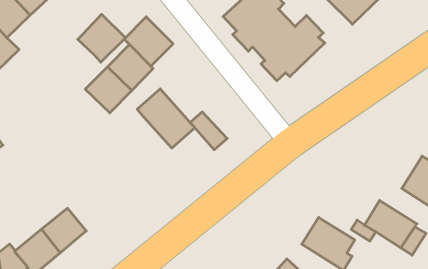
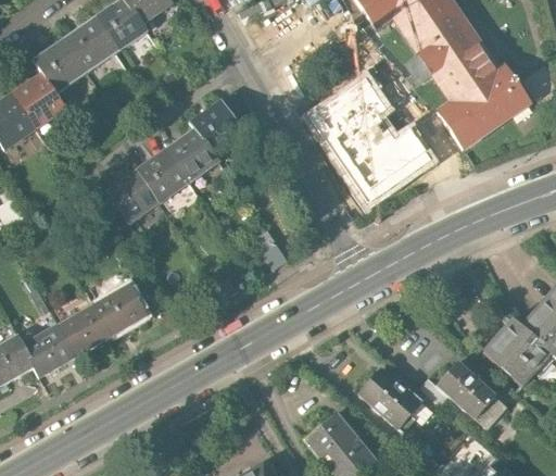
building: [78,14,125,62] -> none
building: [137,89,195,148] -> none
building: none -> [106,170,160,223]
building: none -> [91,285,146,336]

